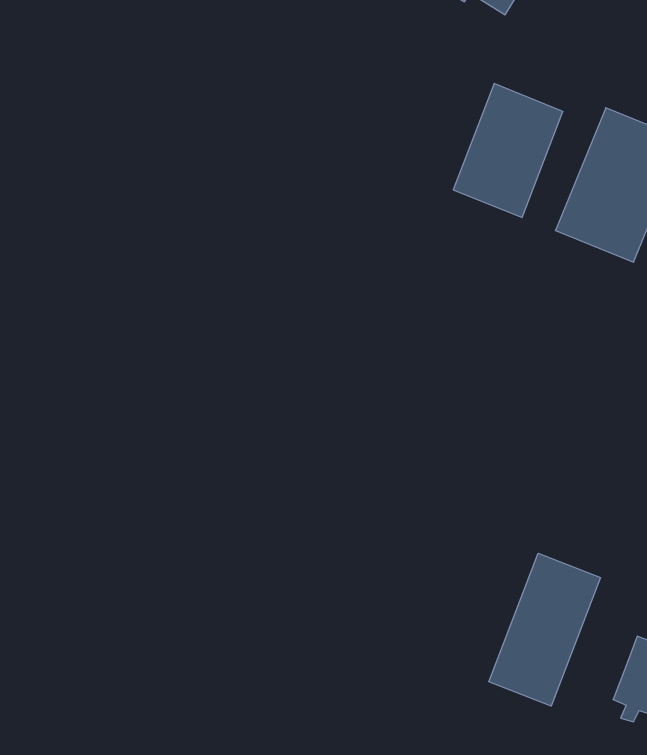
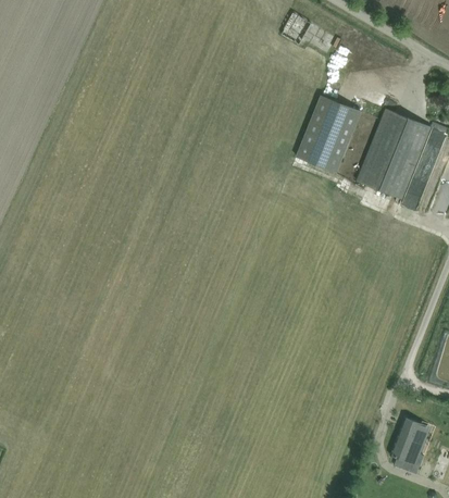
building: [489,553,601,706] -> none

